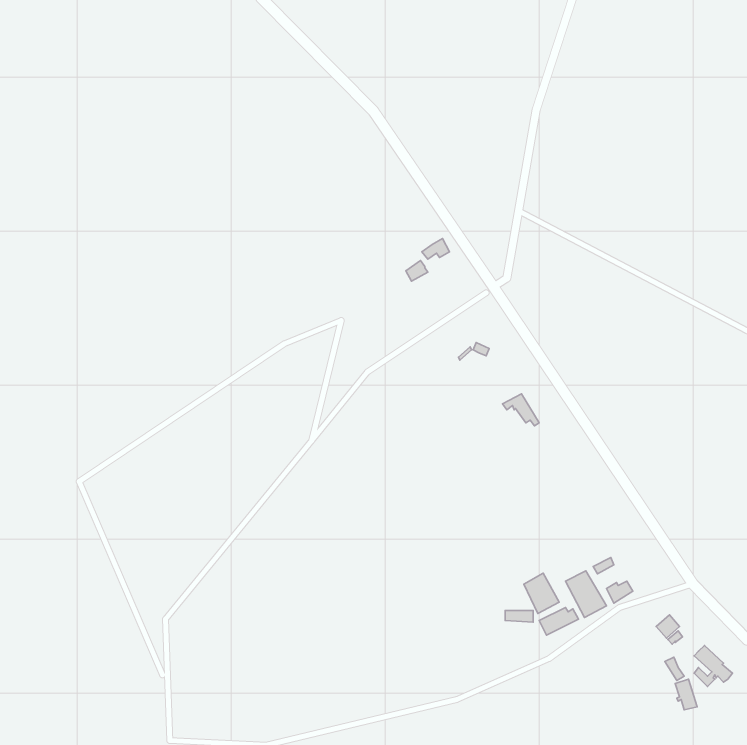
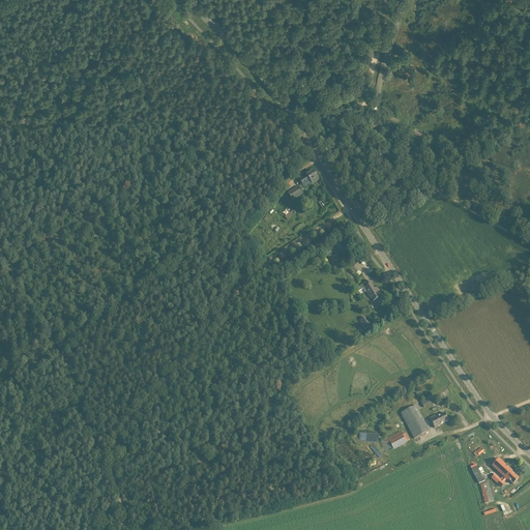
building: [524,573,559,613] -> none

